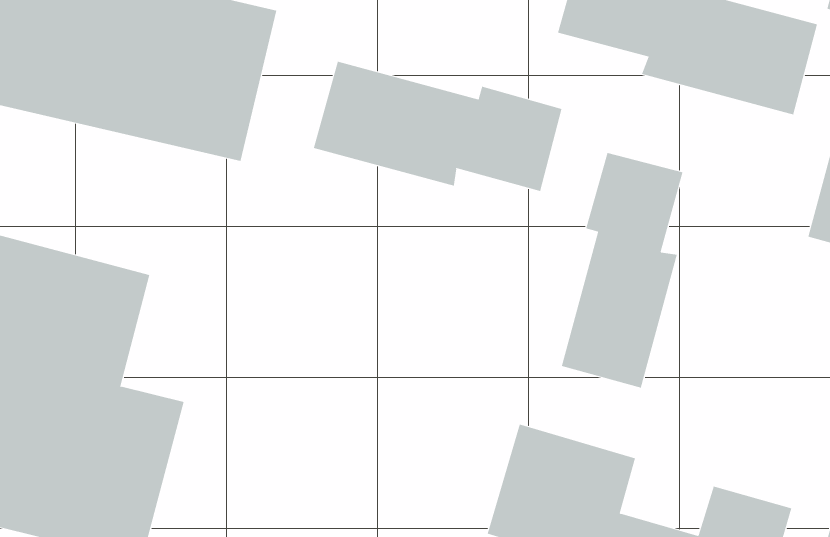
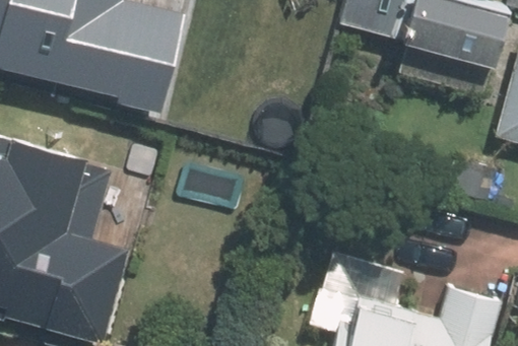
building: [313,61,562,192] -> none
building: [561,152,683,389] -> none

